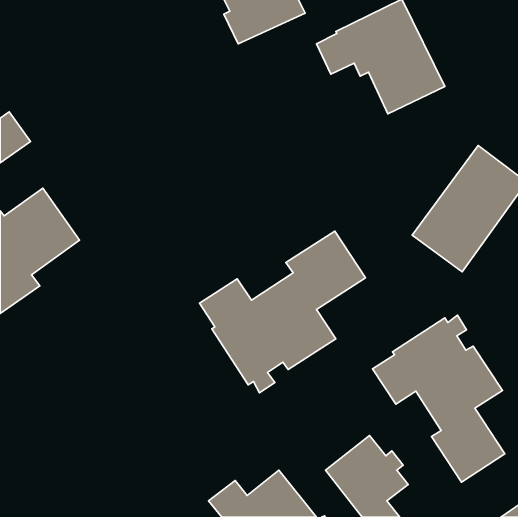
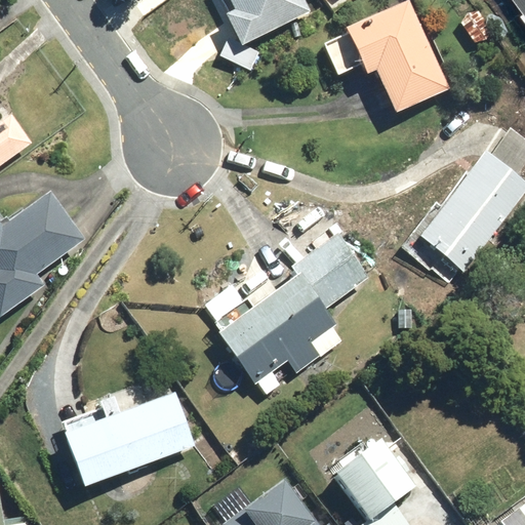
building: [373,315,505,482] -> none
building: none -> [57,368,198,488]

